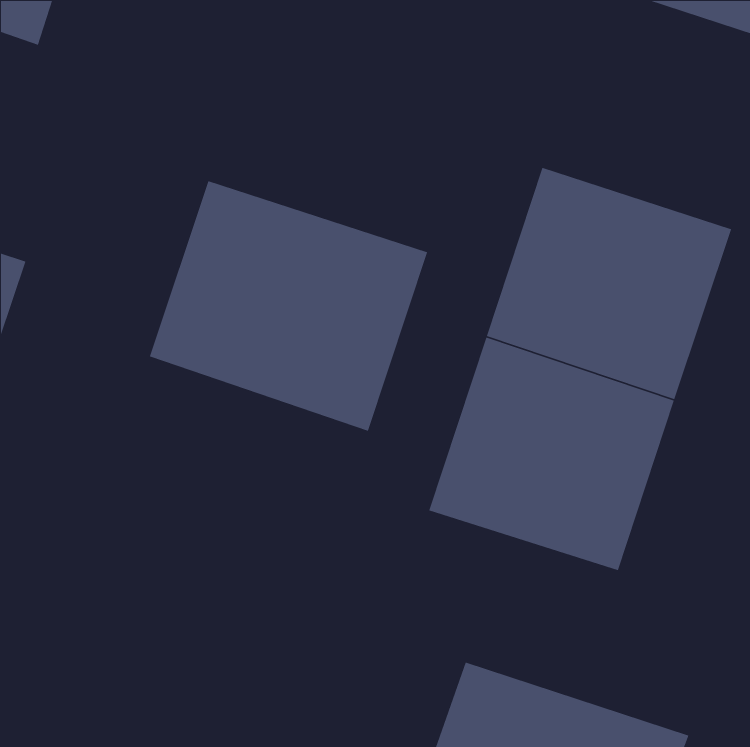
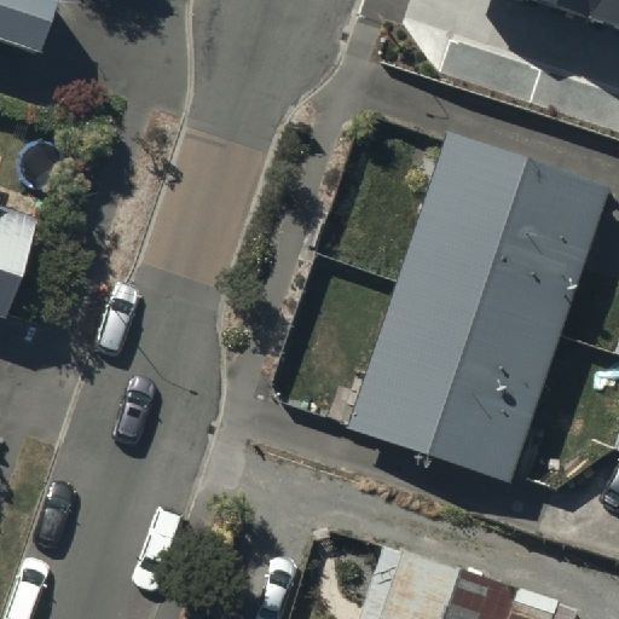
building: [149,180,428,432] -> none

